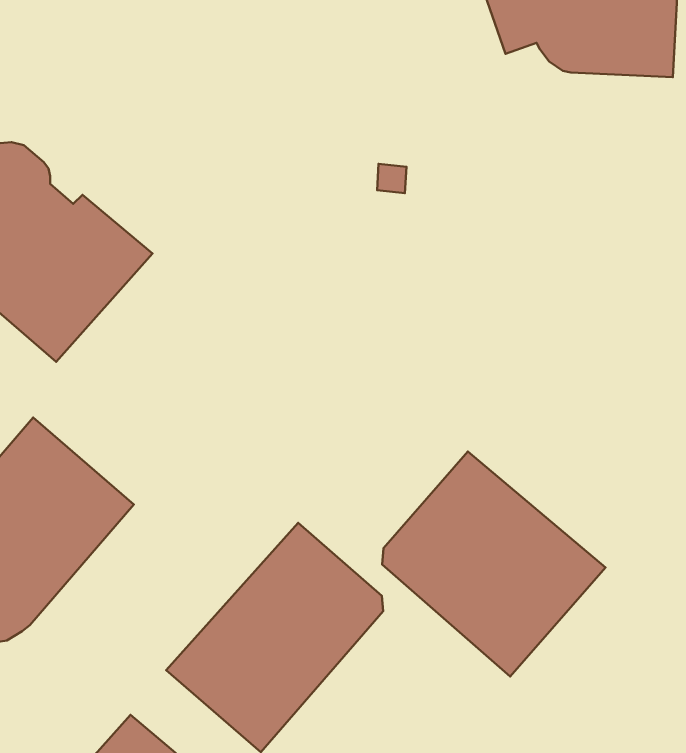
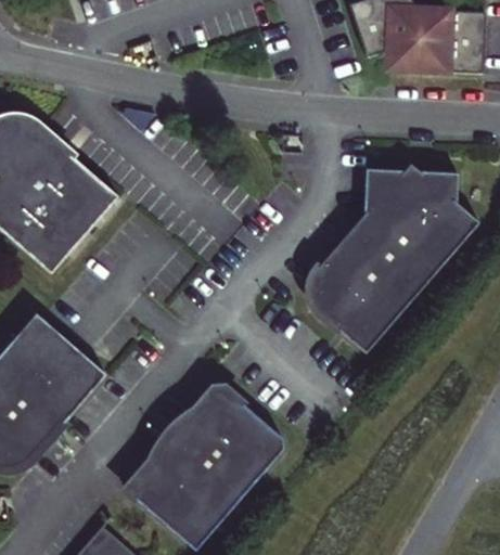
building: none -> [307,162,478,351]
building: [382,452,606,677] -> none

